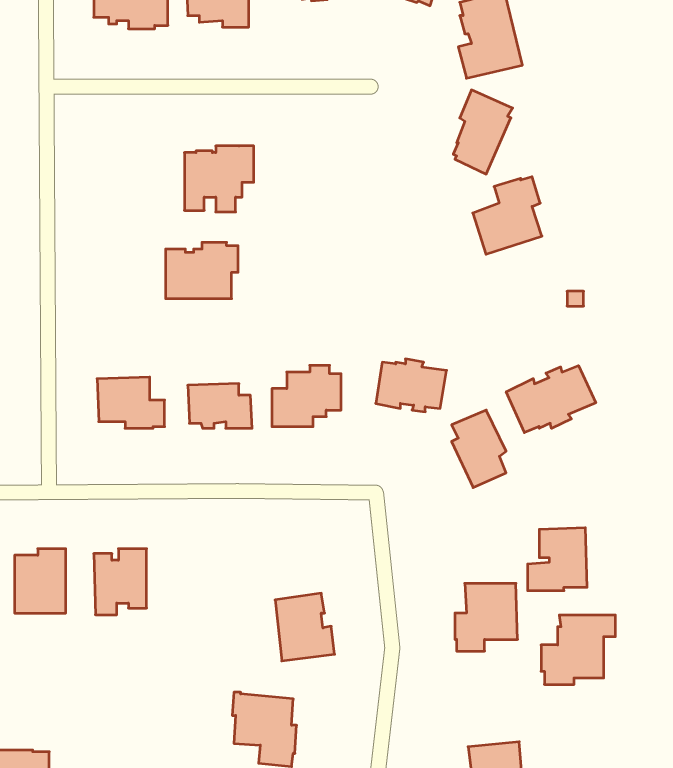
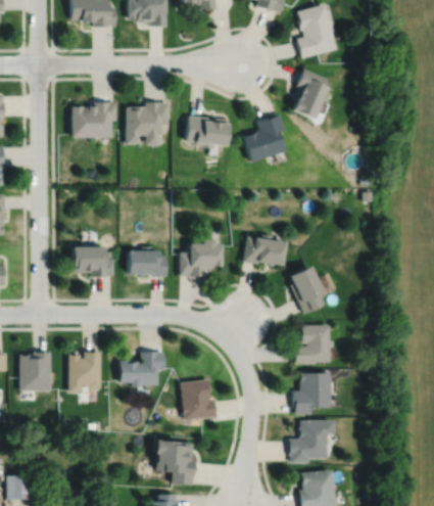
building: none -> [186,114,230,146]
building: [473,177,542,254] -> [243,112,286,160]
building: [166,242,238,299] -> [70,100,115,135]
building: [506,366,596,433] -> none
building: [528,528,587,591] -> [294,324,331,363]
building: none -> [120,352,165,386]
building: [541,615,615,684] -> [289,420,335,463]

